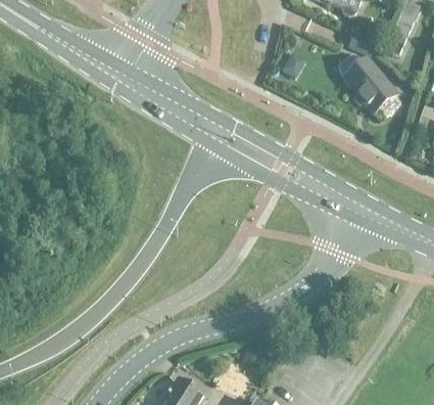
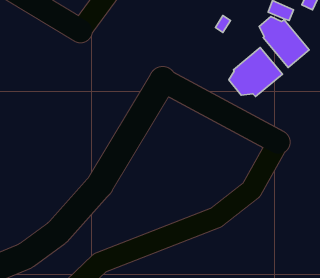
building: none -> [229,47,282,97]

